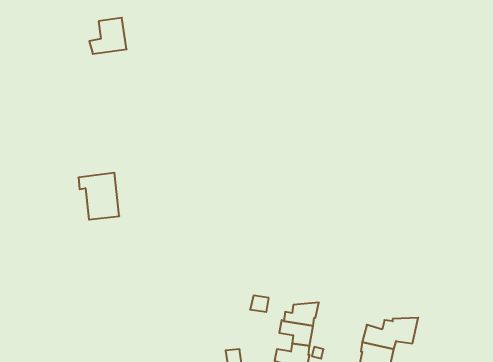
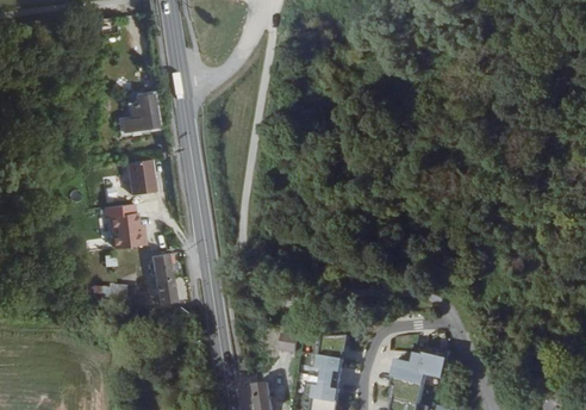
building: [89,18,127,54] -> [111,99,149,136]
building: none -> [127,159,158,197]
building: none -> [138,256,175,309]

